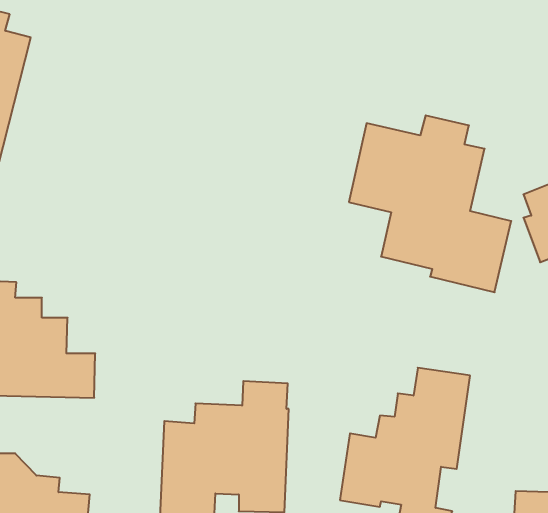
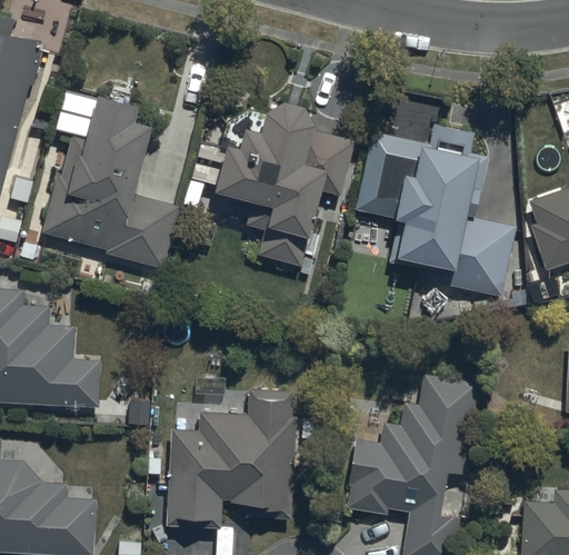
building: none -> [41,89,180,271]
building: none -> [217,102,357,266]

